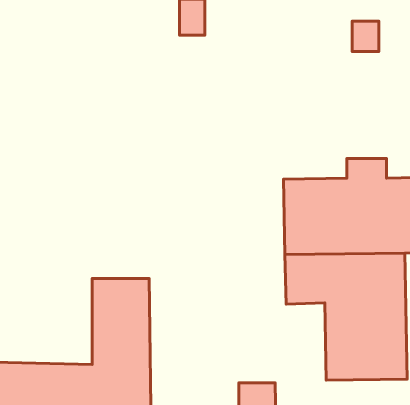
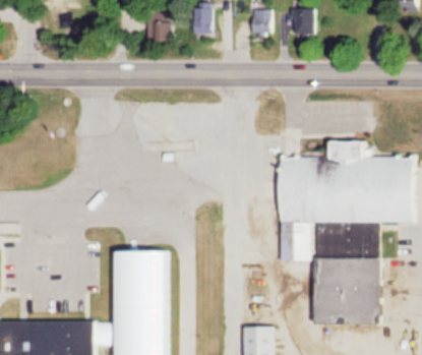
building: none -> [250,12,273,37]
building: none -> [143,14,171,46]
building: [352,21,379,52] -> [290,11,312,37]

